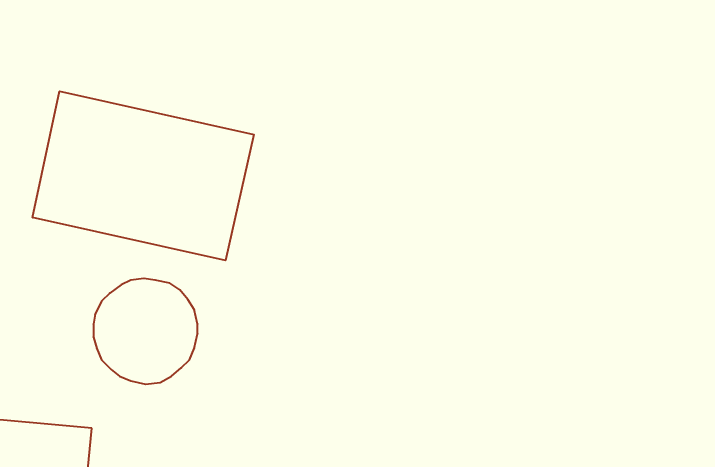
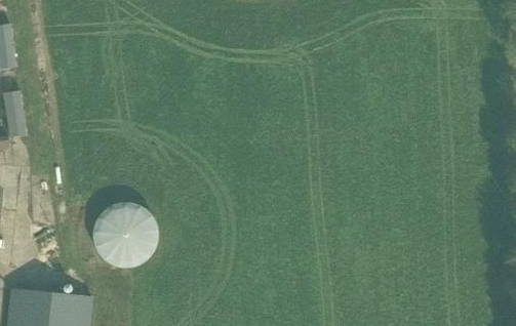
building: [33,91,254,260] -> none

